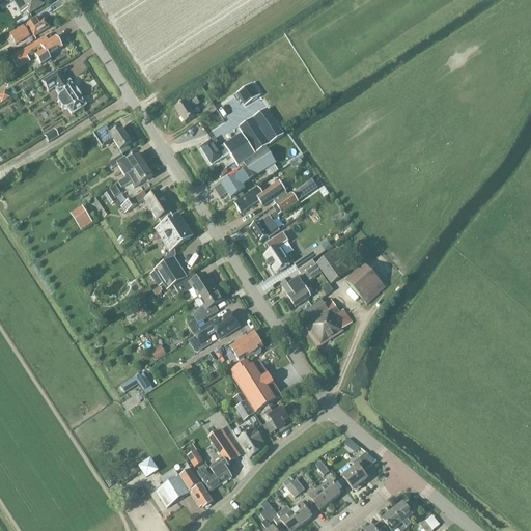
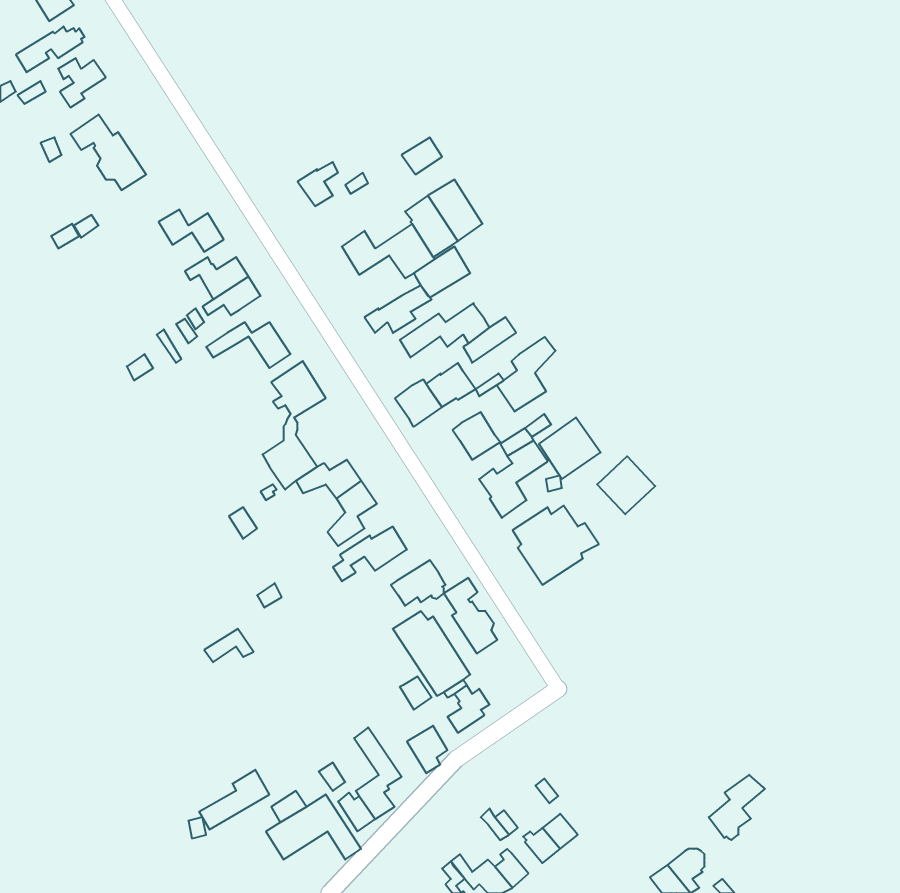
building: none -> [497,337,556,412]
building: none -> [395,379,442,427]
building: none -> [444,578,497,654]
building: [343,450,376,488] -> [709,775,765,840]

